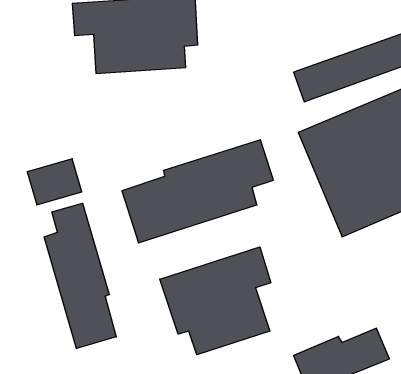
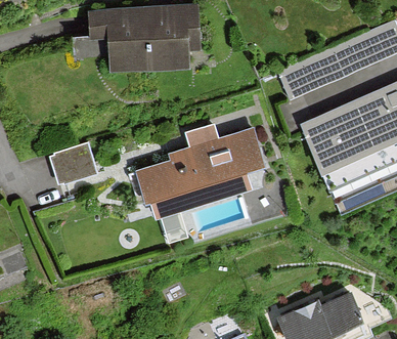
building: [44,203,116,349] -> none
building: [160,247,271,355] -> none

